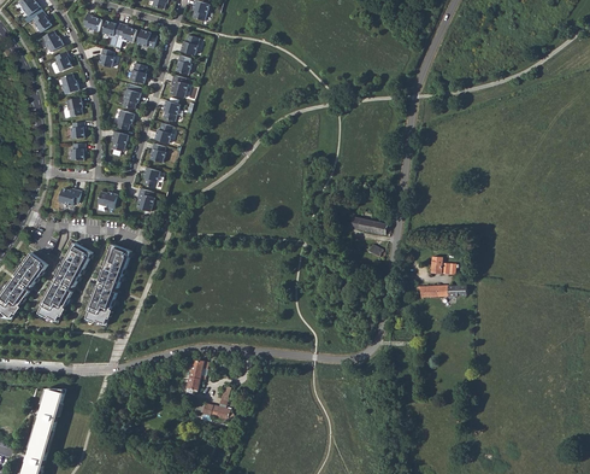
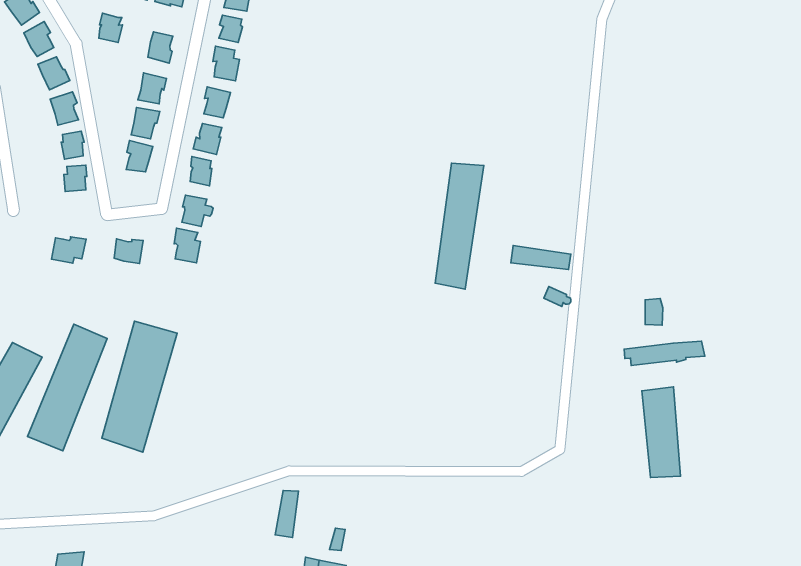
building: none -> [435,163,484,289]
building: none -> [642,387,681,478]

